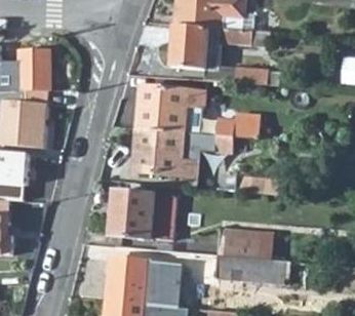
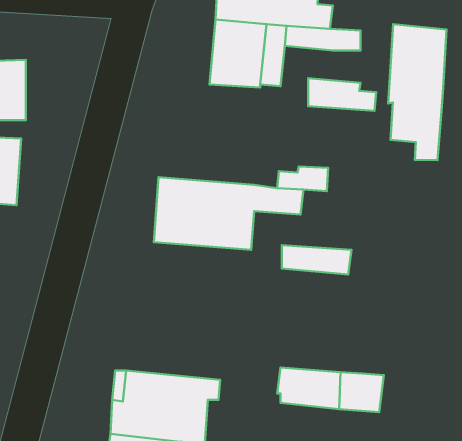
building: none -> [388,24,447,160]
building: [136,86,204,134] -> none
building: [111,190,174,238] -> none
building: [218,230,274,260] -> none

